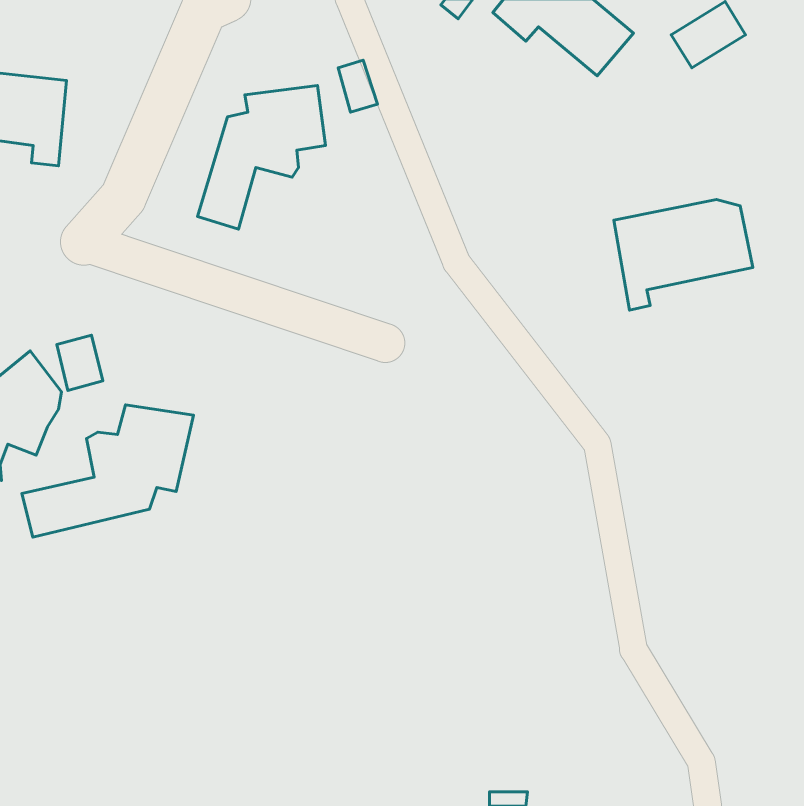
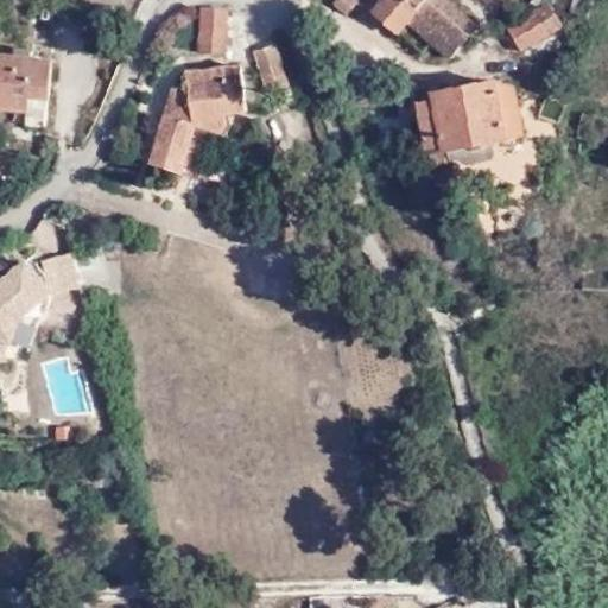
building: none -> [197,7,226,52]
building: [614,200,753,310] -> [417,81,521,164]
building: [22,405,194,537] -> none

